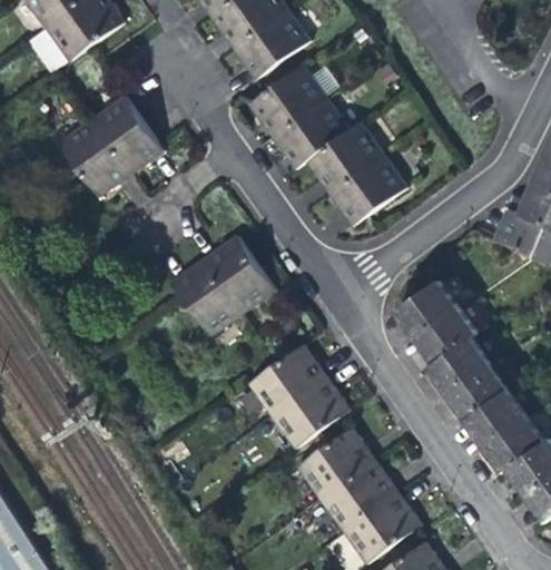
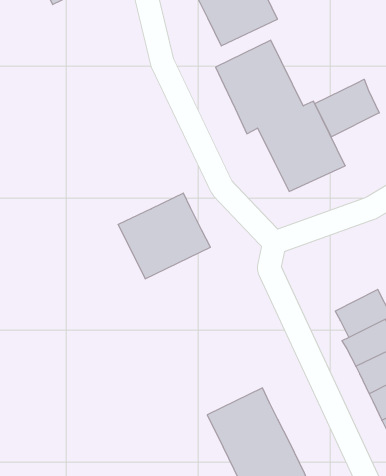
building: none -> [315,79,379,137]
building: [58,98,161,199] -> none
building: [396,279,457,336] -> none
building: [249,346,348,449] -> none

